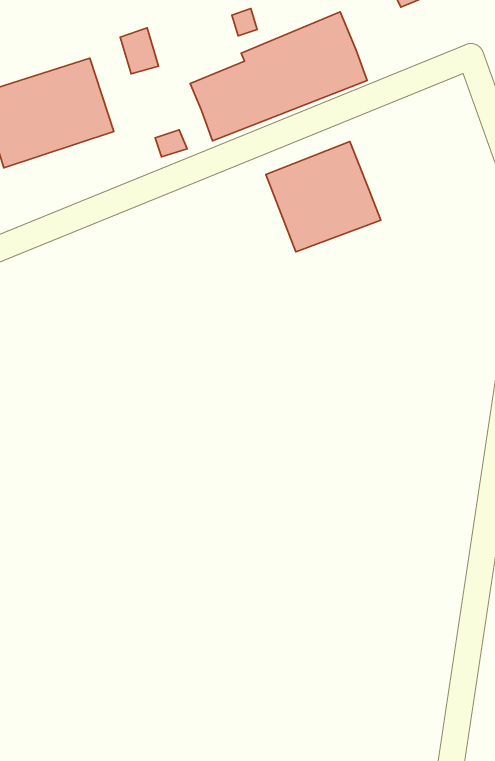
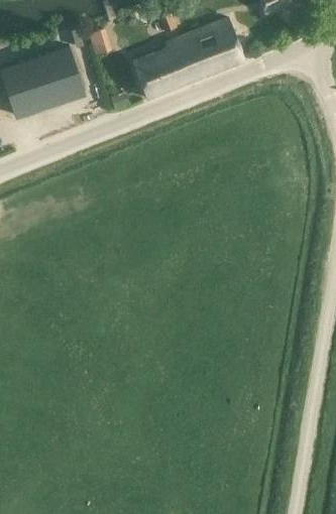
building: [266,142,381,252] -> none

